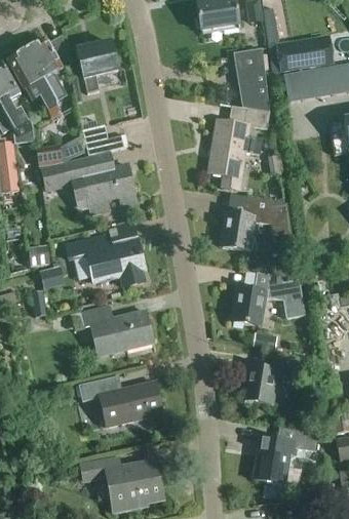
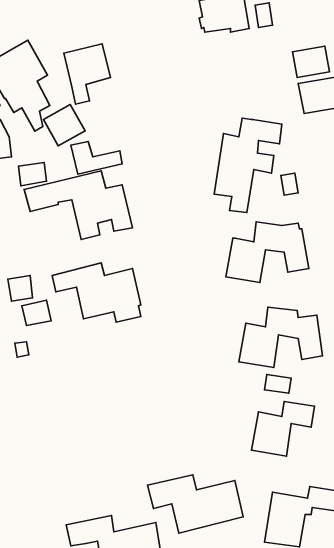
building: [234,47,269,110] -> none
building: none -> [43,104,85,146]
building: [83,305,154,354] -> none
building: [79,374,163,426] -> [148,475,243,533]

